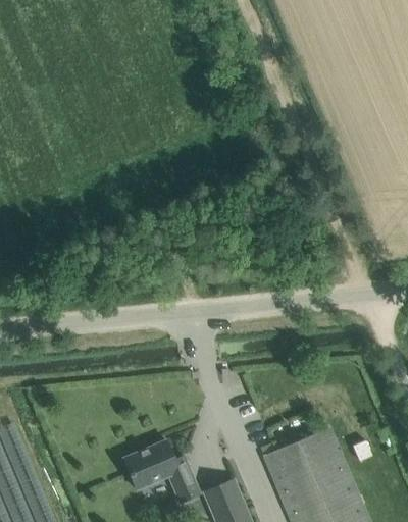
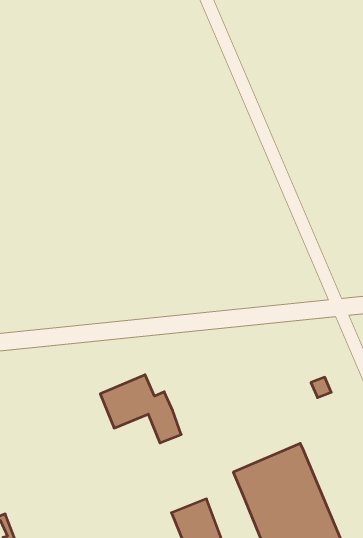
building: [121,439,199,505] -> [100,375,181,443]

